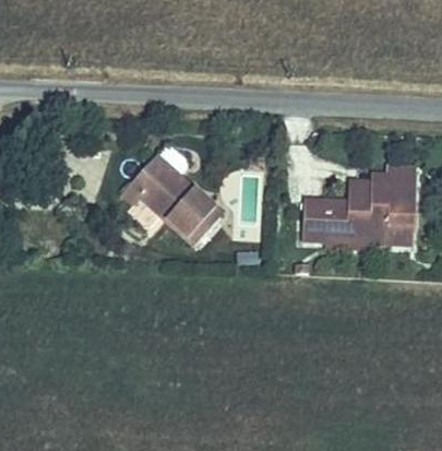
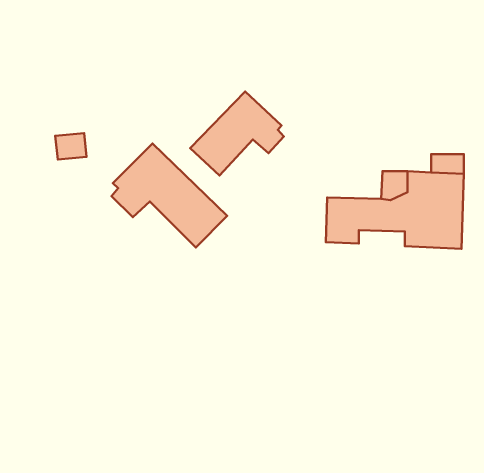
building: none -> [190,91,284,176]

